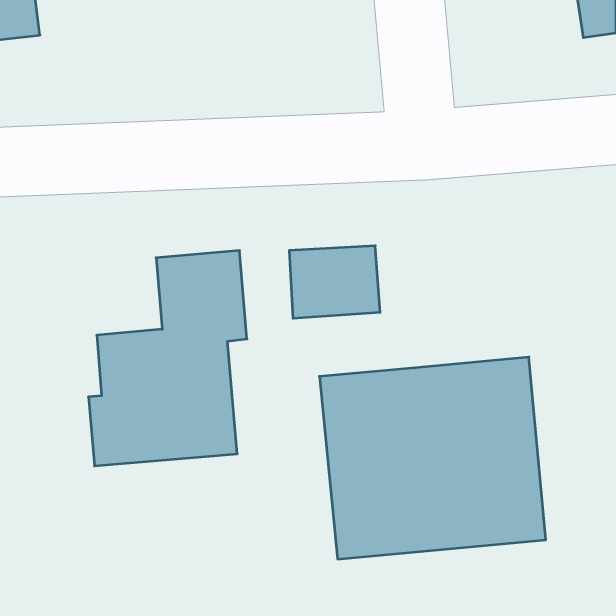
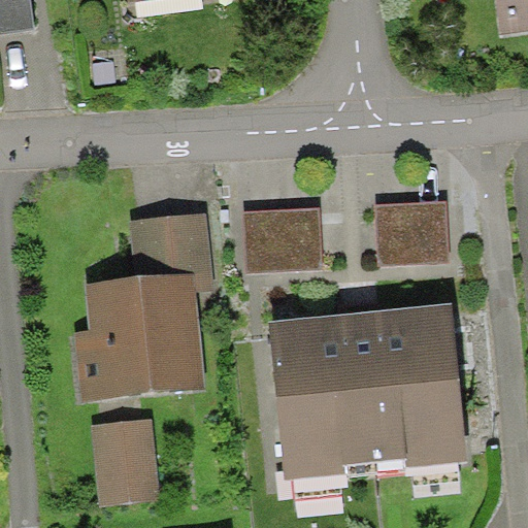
building: none -> [372,202,449,265]
building: none -> [94,421,155,503]

